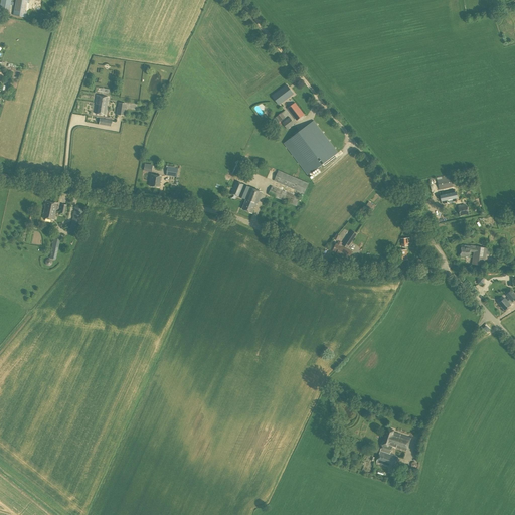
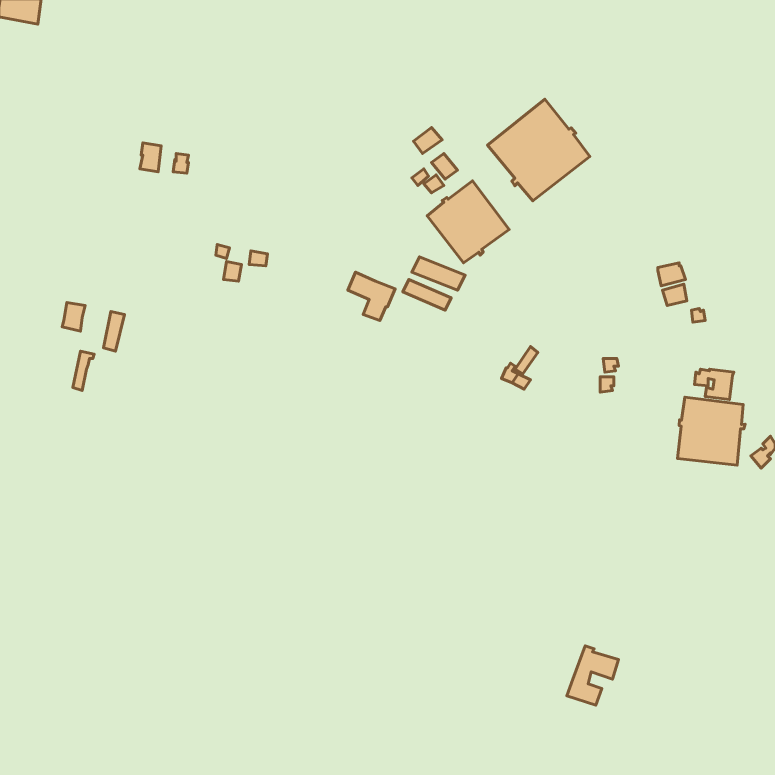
building: none -> [487,99,590,201]
building: none -> [678,397,745,465]

